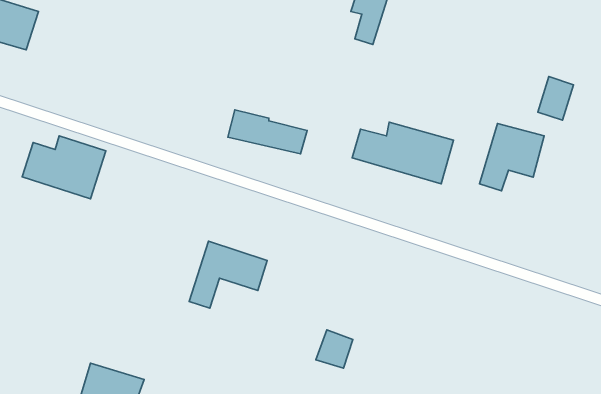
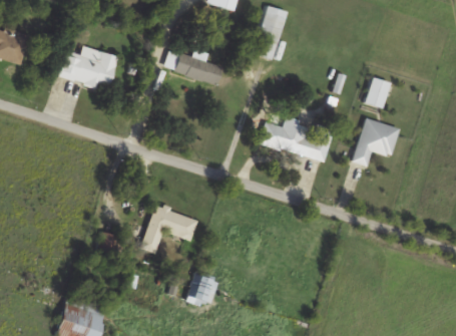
building: [538,76,574,120] -> [364,77,390,109]
building: [228,110,307,154] -> [164,51,222,83]
building: [22,136,106,199] -> [56,45,117,91]
building: [316,330,353,368] -> [186,275,213,303]

